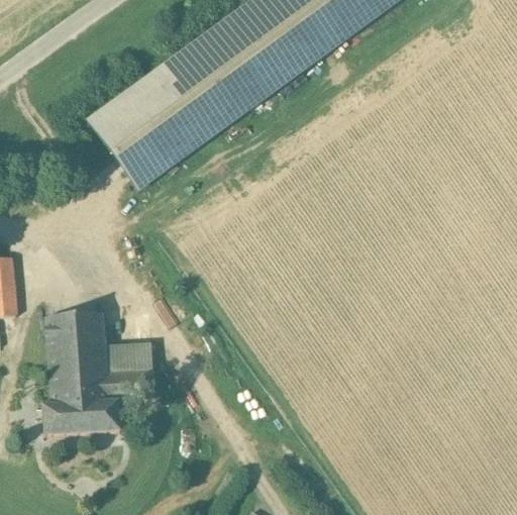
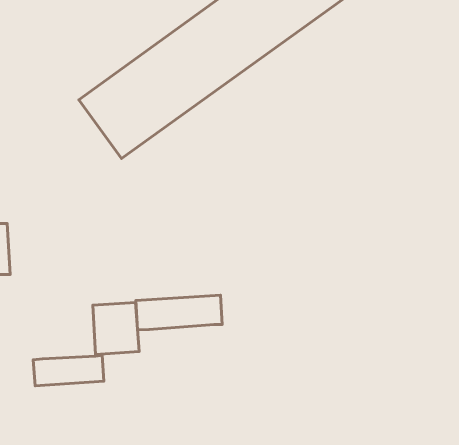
building: [43,313,107,403] -> none
building: none -> [136,295,222,330]

